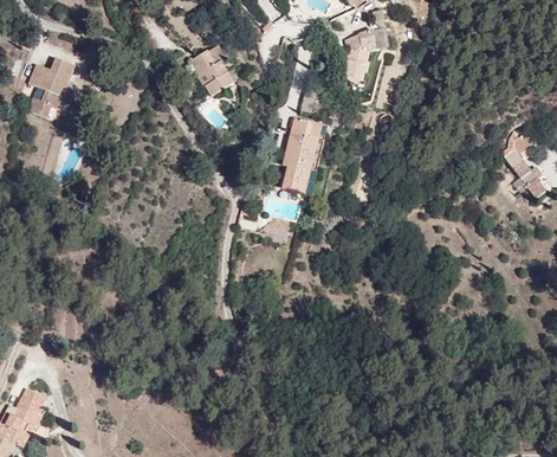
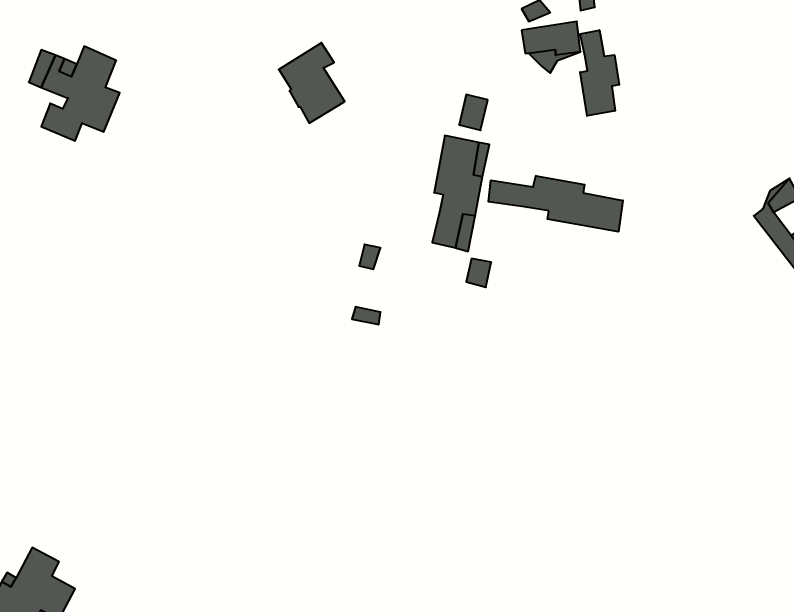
building: none -> [580,30,619,116]
building: none -> [488,176,623,232]

